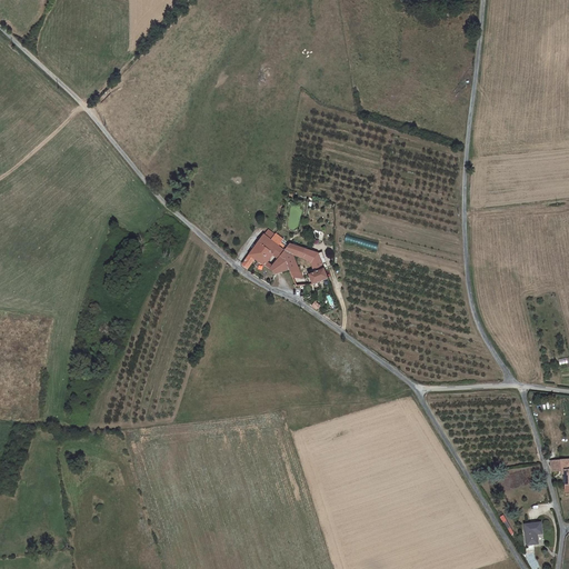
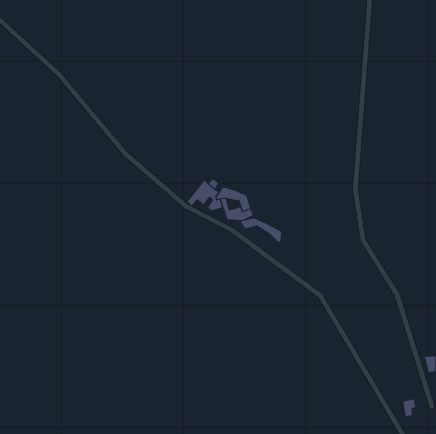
building: none -> [240,218,282,243]

